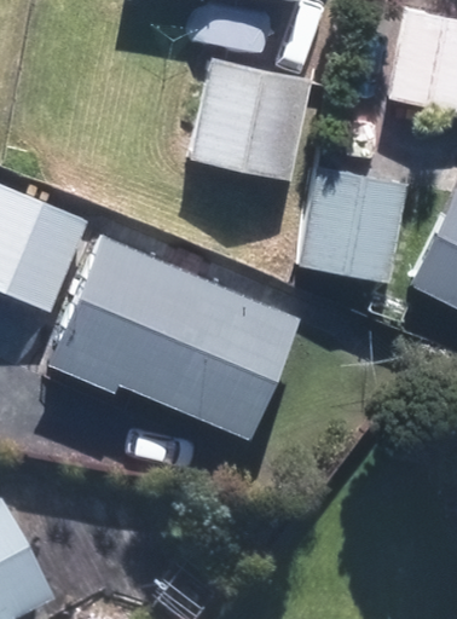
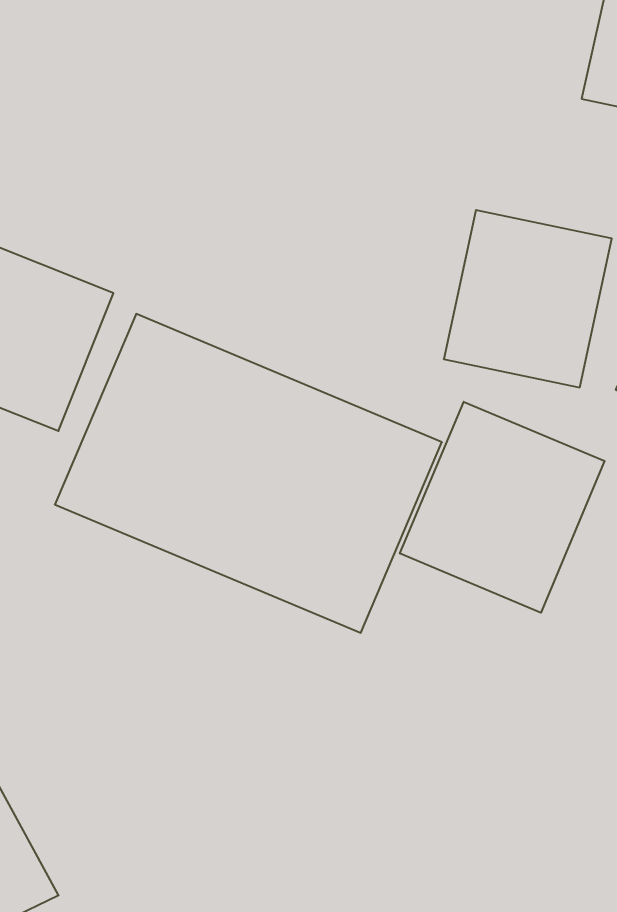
building: [190,63,310,184] -> none
building: none -> [400,402,605,613]

